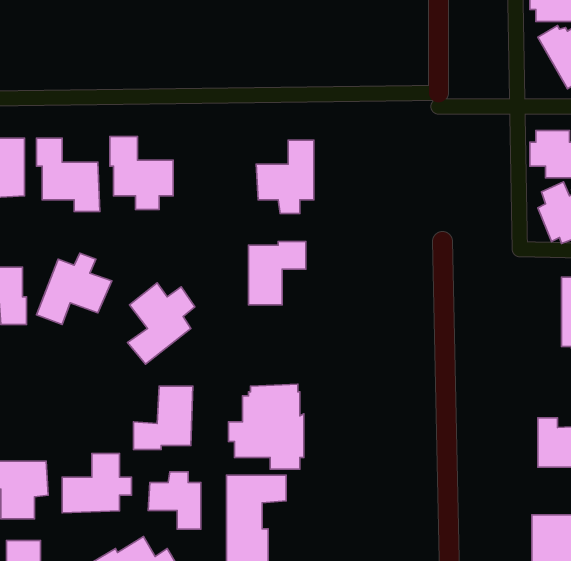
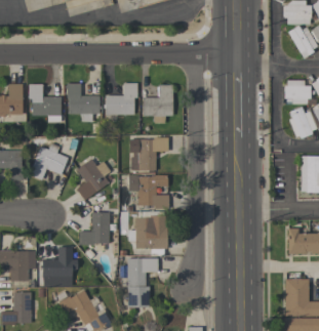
building: none -> [105,83,137,115]
building: none -> [128,175,168,209]
building: [148,472,201,529] -> none

